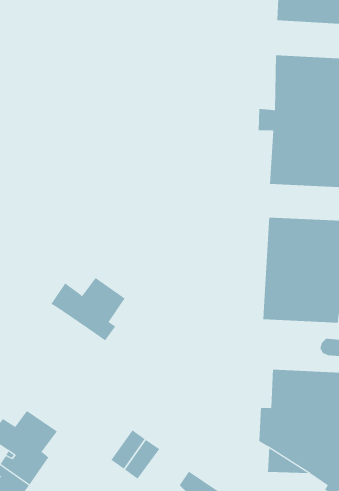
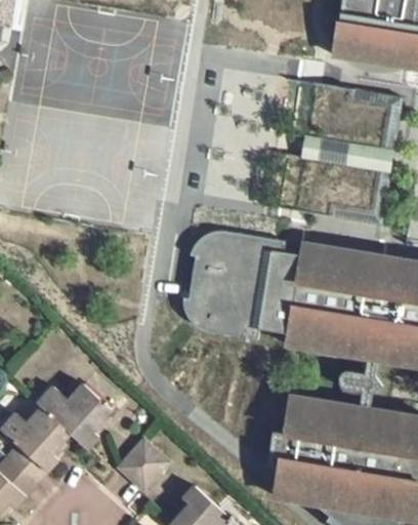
building: none -> [183,232,300,339]
building: [51,277,126,341] -> [37,385,112,449]

